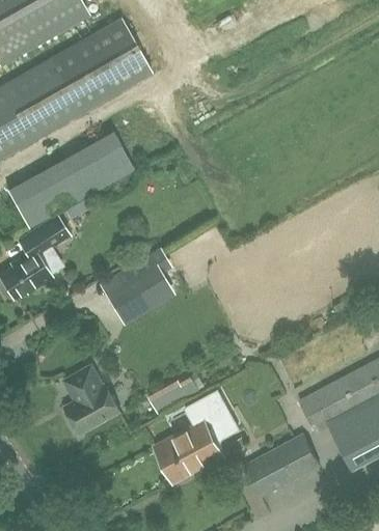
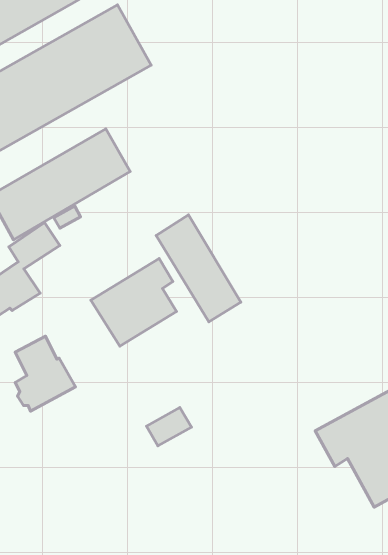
building: none -> [156,215,241,322]
building: [66,365,120,432] -> [15,336,75,411]
building: [156,390,231,481] -> none
building: [244,434,320,497] -> none

